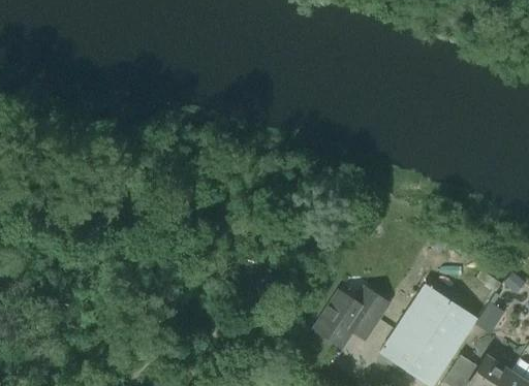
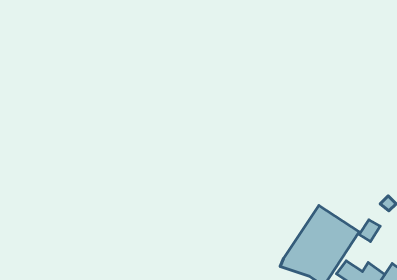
building: [314,288,387,348] -> none

